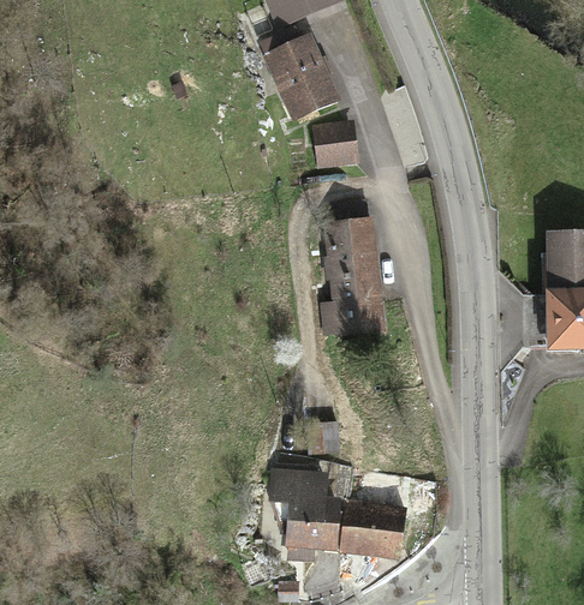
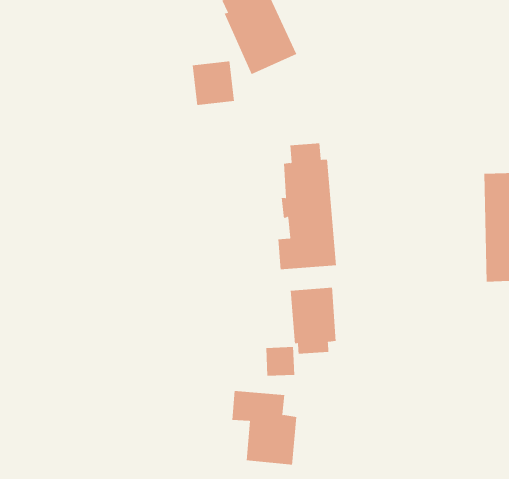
building: [311,119,358,168] -> [192,61,235,106]
building: none -> [290,287,336,354]
building: [339,498,406,559] -> none

